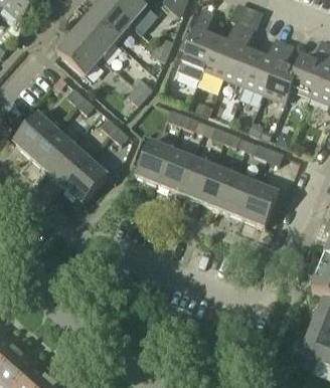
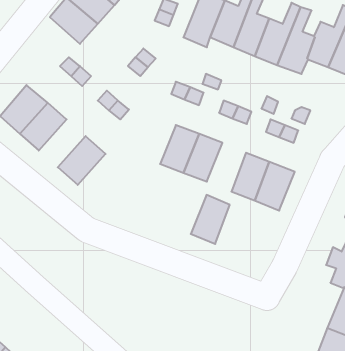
building: [135,139,171,183] -> none
building: [47,143,90,186] -> none
building: [199,164,234,208] -> [191,195,230,244]

